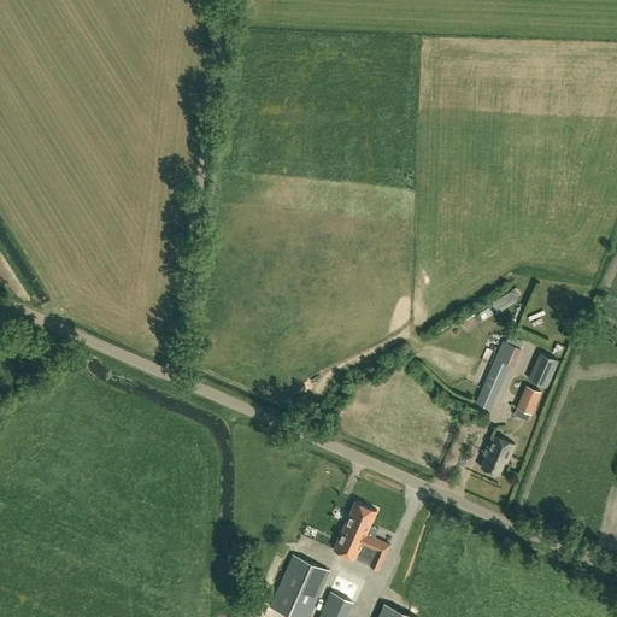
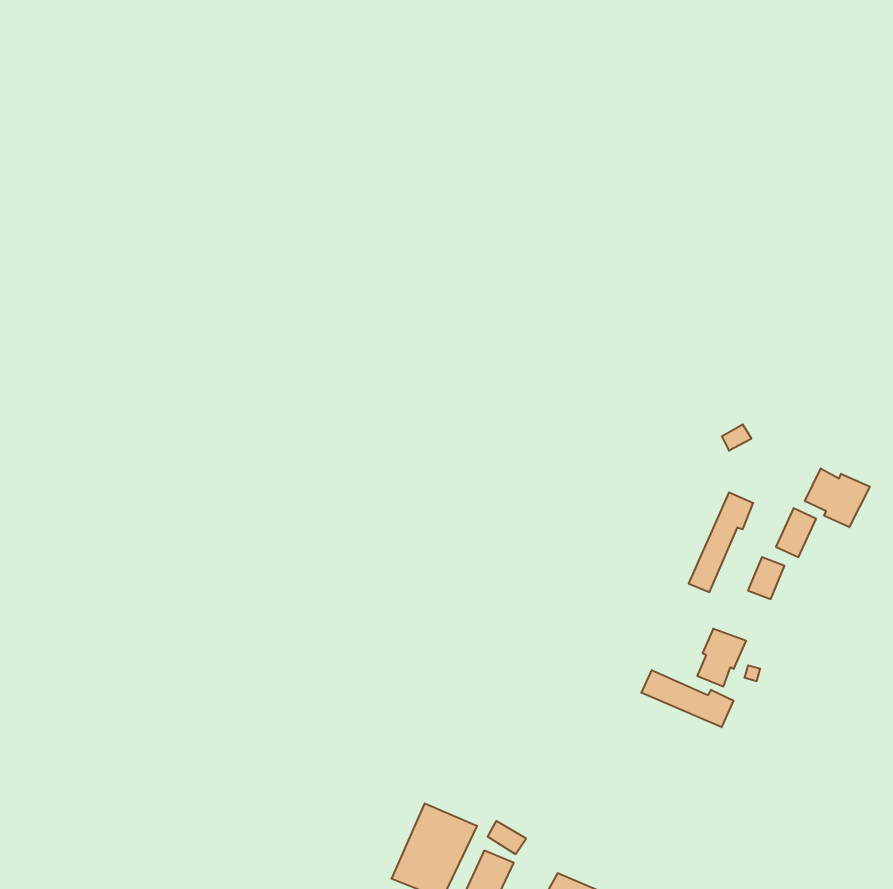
building: none -> [805,468,870,527]
building: none -> [641,670,733,727]
building: [333,503,390,571] -> none

